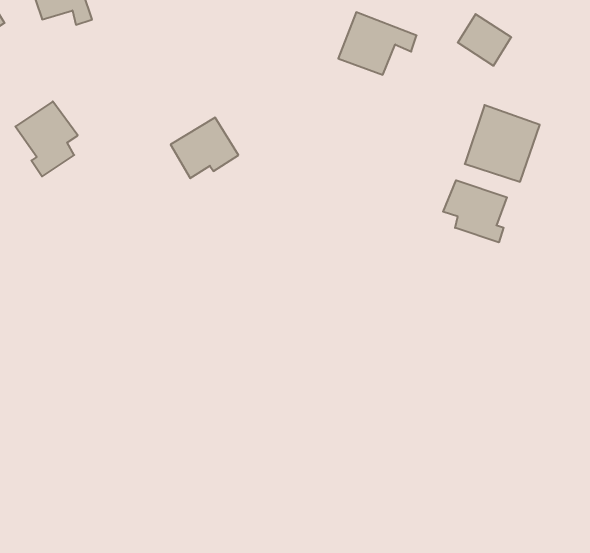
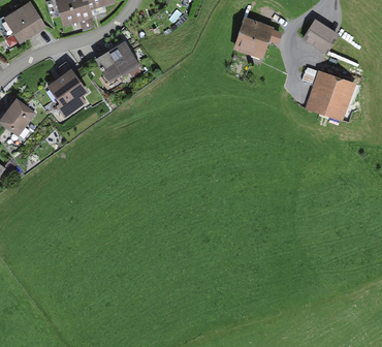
building: [171,118,238,178] -> [97,42,136,77]
building: [443,180,507,242] -> none

